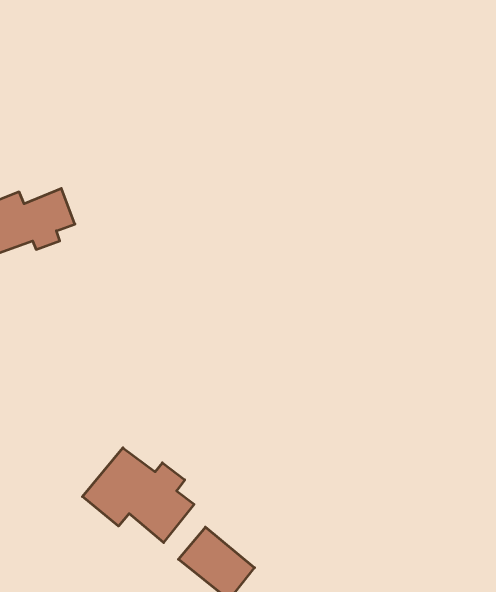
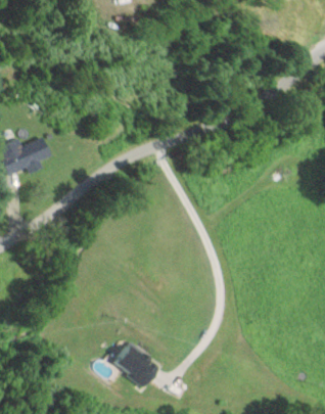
building: [82,448,194,543] -> none

